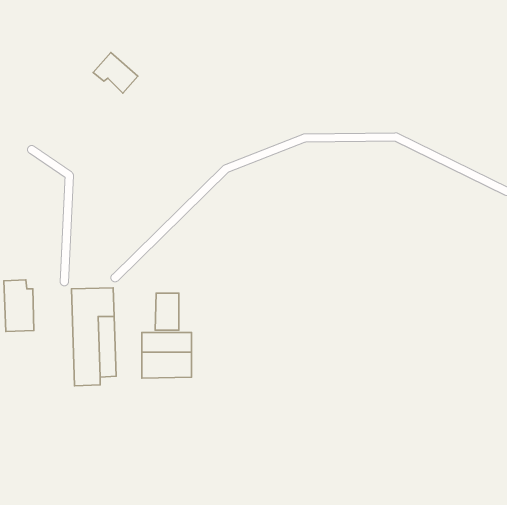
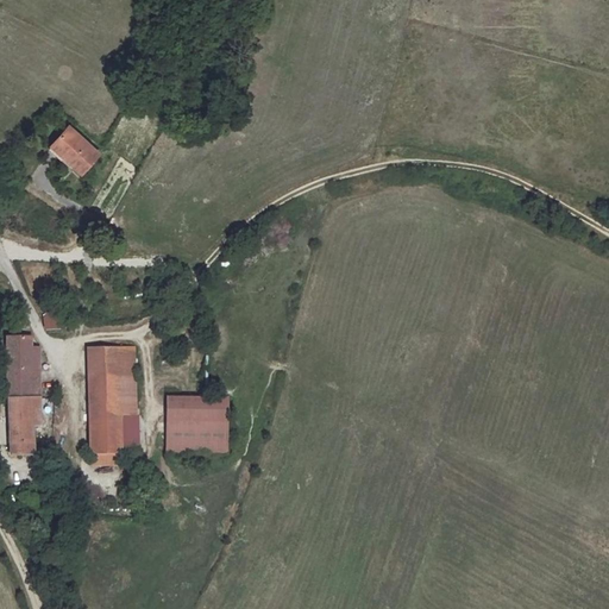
building: [93,53,138,93] -> [50,118,103,167]
building: [155,293,179,330] -> none
building: none -> [7,396,42,454]

